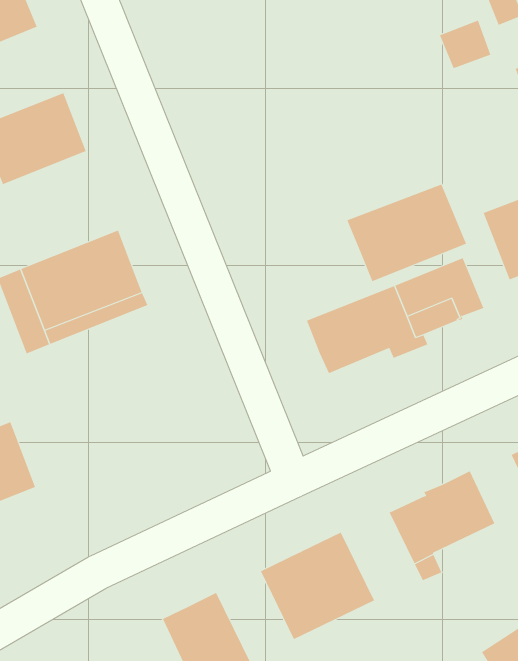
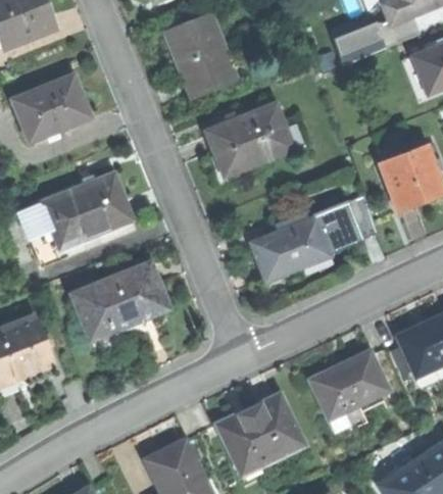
building: none -> [167,15,235,93]
building: [346,184,467,282] -> [205,102,293,174]
building: none -> [72,263,165,337]

